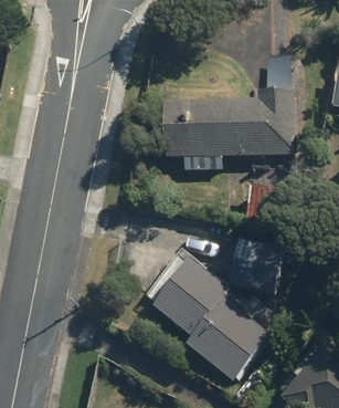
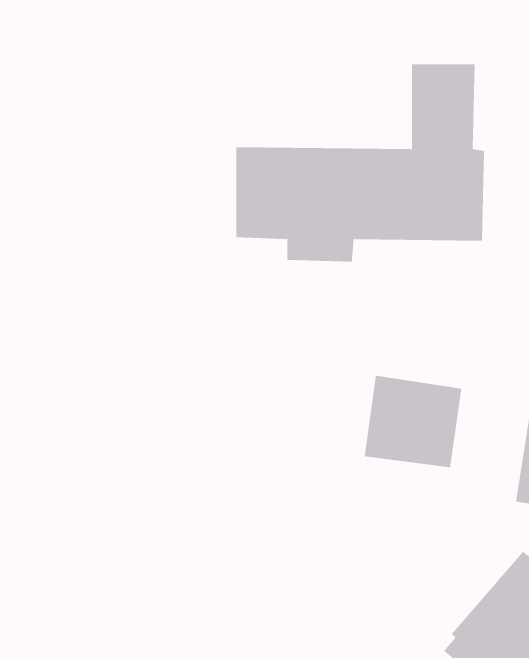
building: [149,257,272,381] -> none

